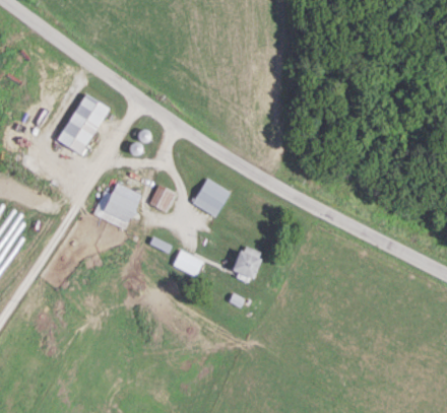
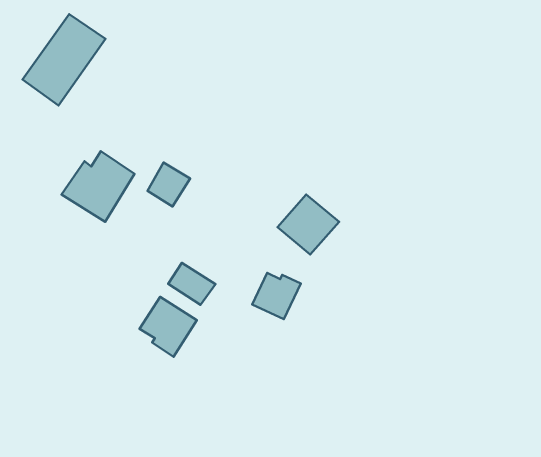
building: [191,178,232,217] -> [277,195,339,255]
building: none -> [140,297,197,357]

